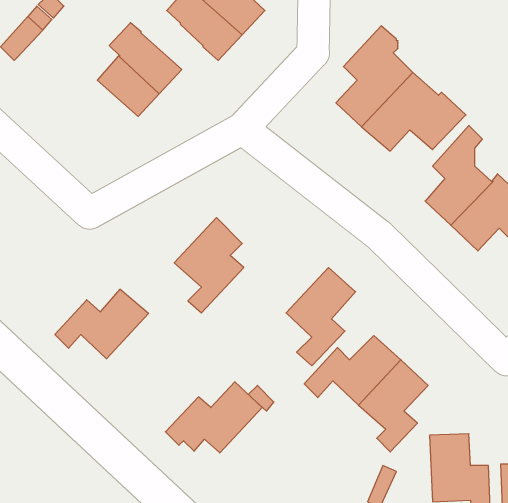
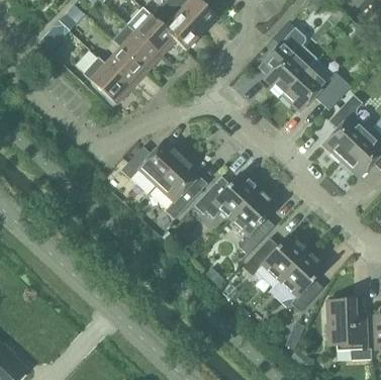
building: none -> [134,14,176,56]
building: none -> [83,56,132,104]
building: [55,289,149,359] -> [122,138,185,185]
building: [165,382,262,453] -> [195,171,260,218]

